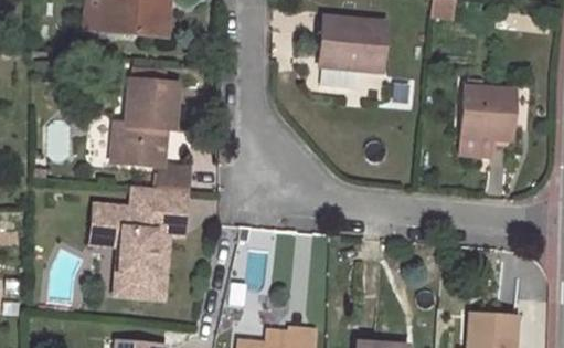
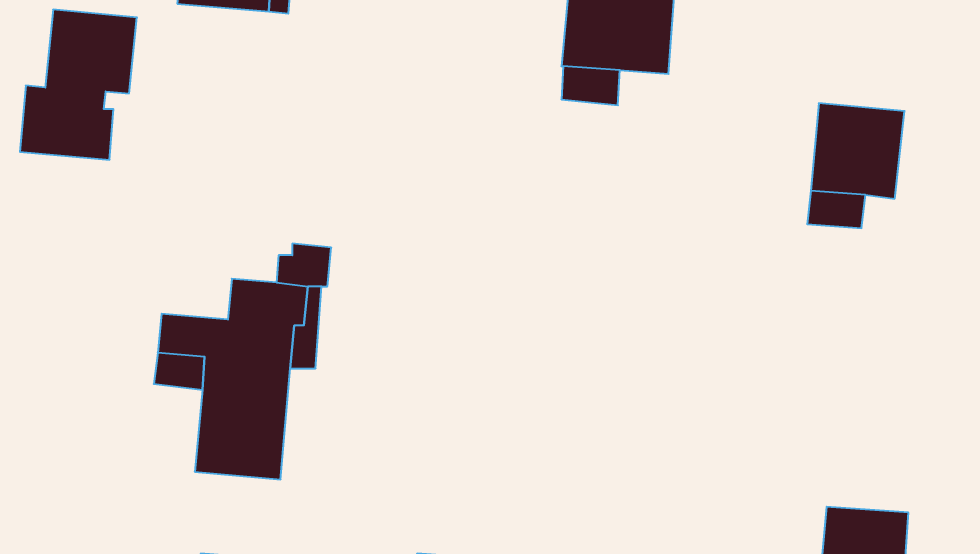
building: [113,80,179,165] -> [20,10,137,160]

